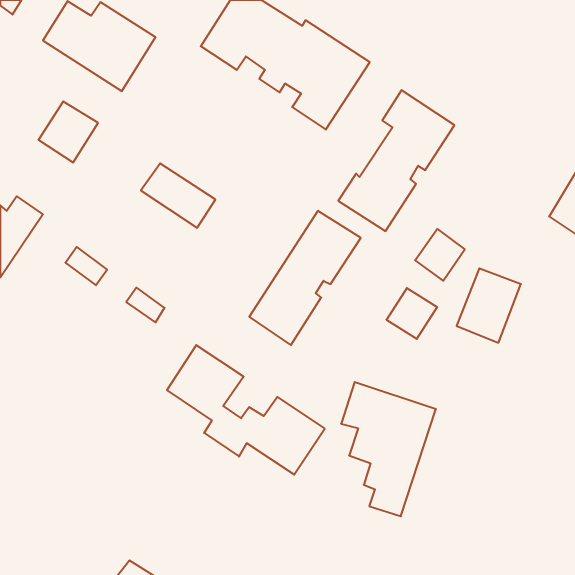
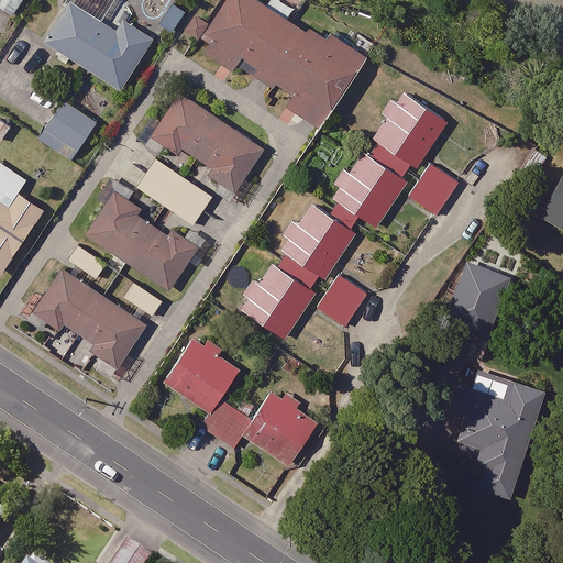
building: none -> [151,95,262,191]
building: none -> [87,191,196,288]
building: [415,229,465,281] -> [408,164,456,214]
building: none -> [31,267,145,377]
building: [386,288,437,339] -> [316,275,365,324]
building: [341,382,436,516] -> [451,367,543,498]

